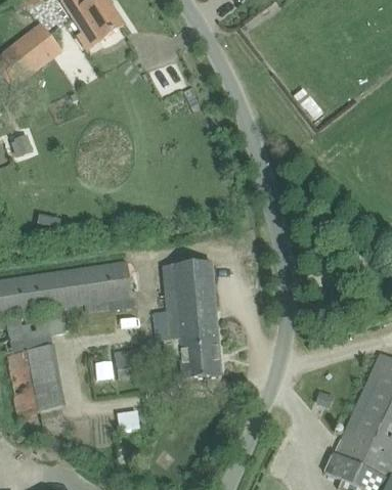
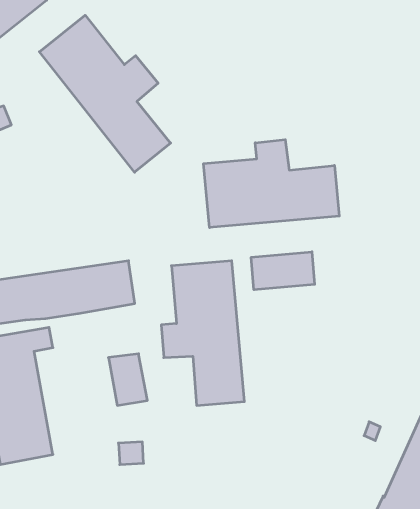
building: none -> [39,15,171,172]
building: none -> [204,140,339,228]
building: none -> [251,252,315,290]

